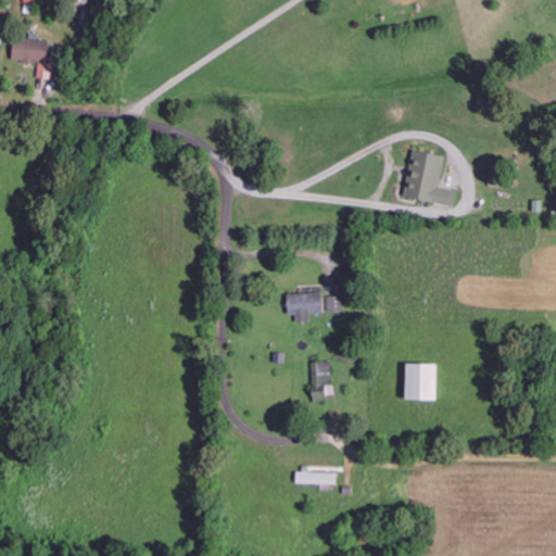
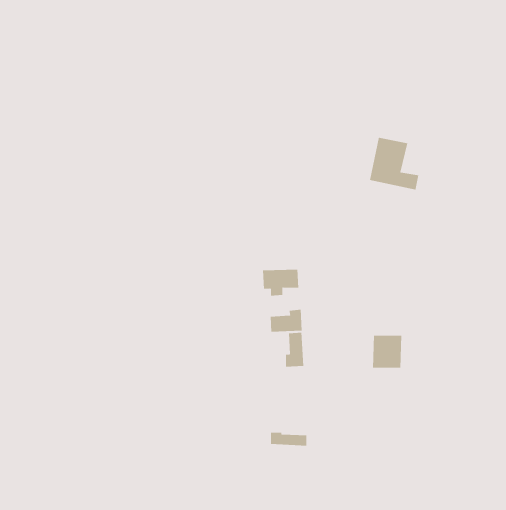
building: [9,37,49,76] -> none
building: none -> [270,309,302,333]

